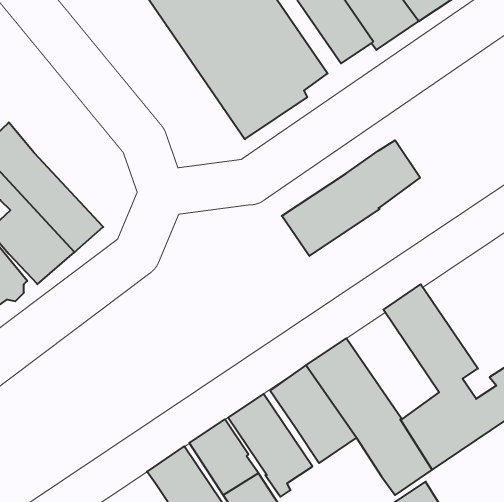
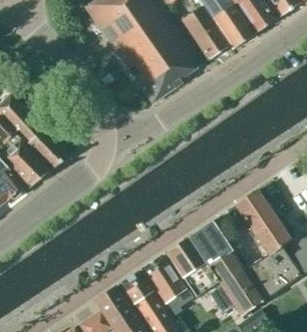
building: [282,140,420,256] -> none

